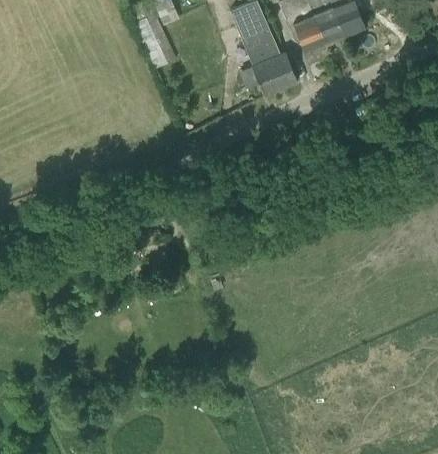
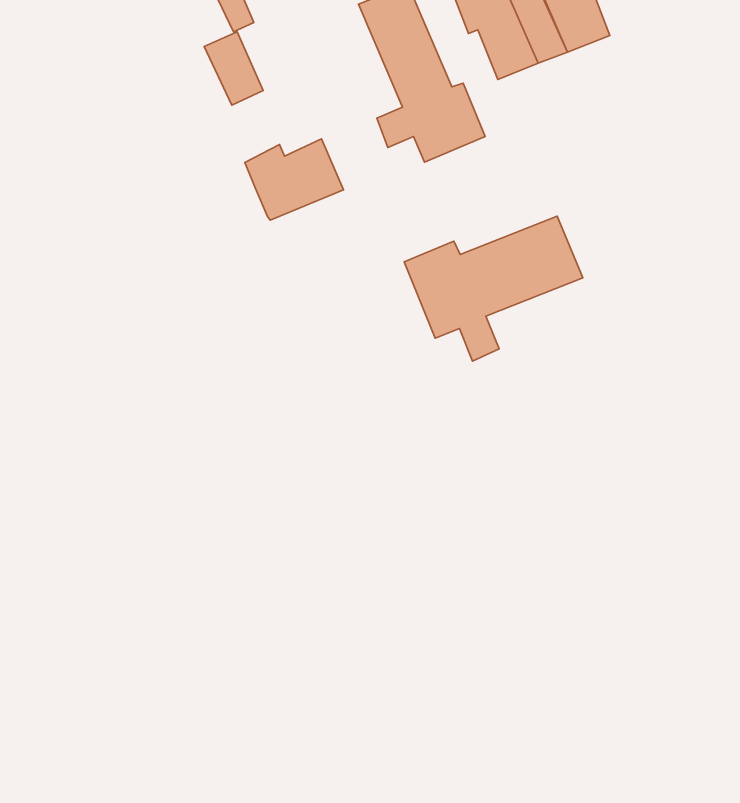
building: none -> [245,139,344,220]
building: none -> [404,216,583,361]

